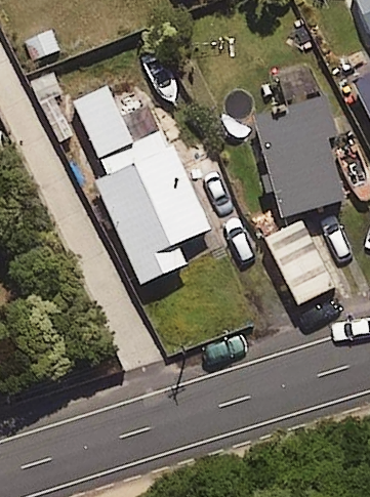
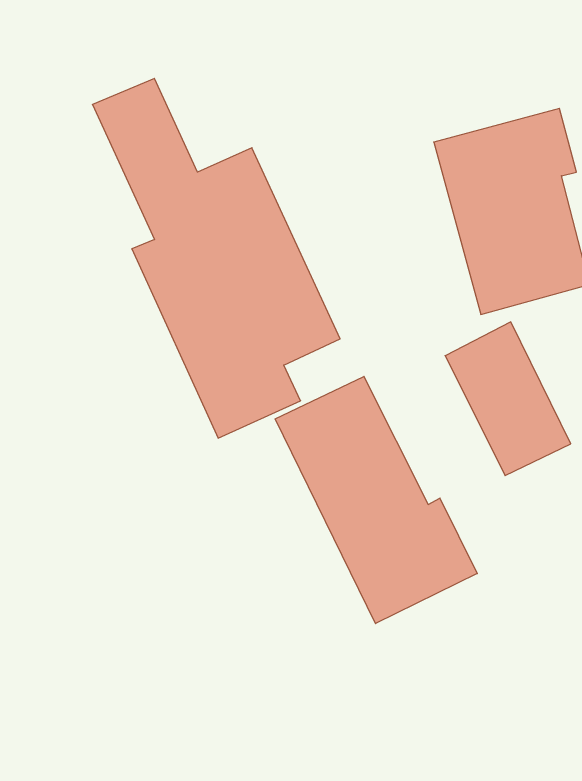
building: none -> [275,376,477,624]

